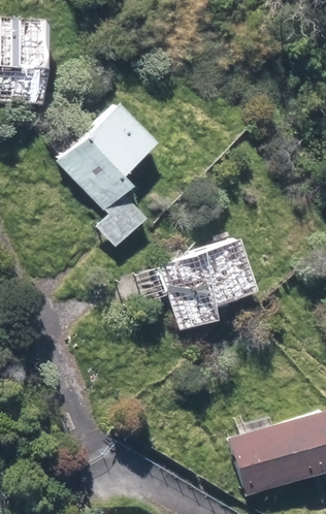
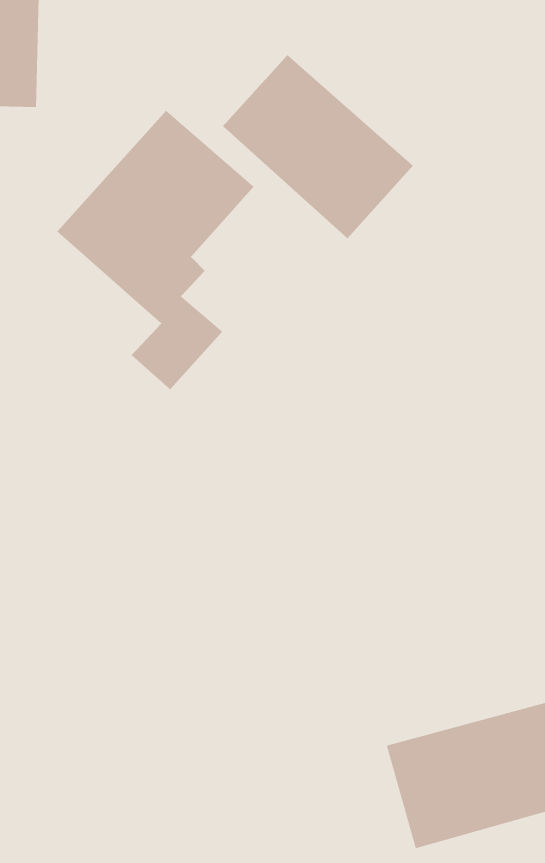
building: none -> [222,54,414,239]
building: [117,236,257,329] -> none

